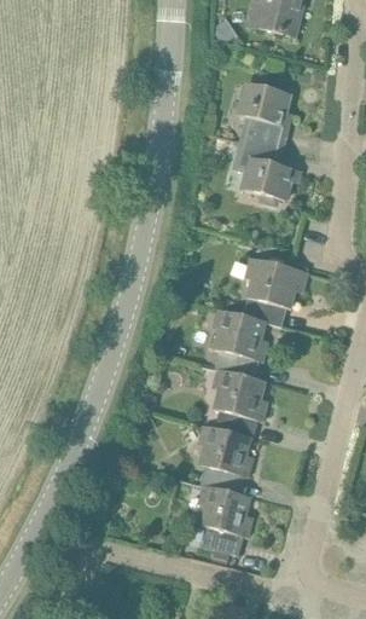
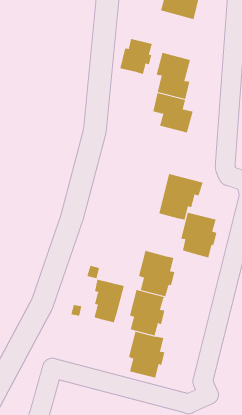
building: none -> [116,38,152,75]
building: [213,311,266,377] -> [180,212,217,258]
building: none -> [94,279,124,323]

